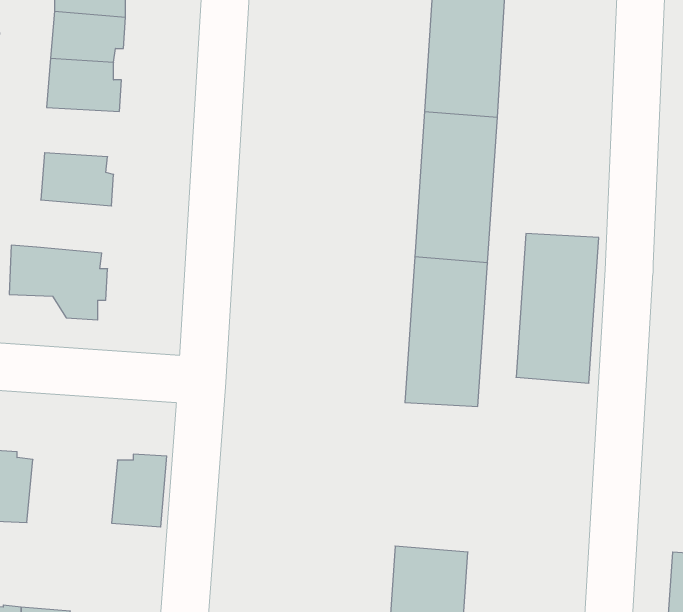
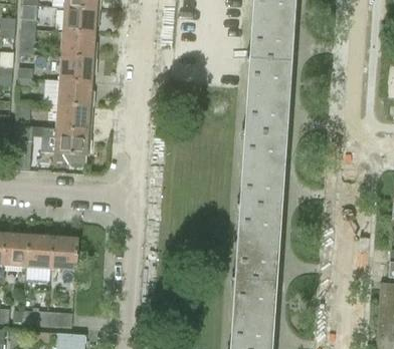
building: none -> [58,57,96,82]
building: none -> [54,104,92,131]
building: [516,234,599,383] -> [237,208,279,284]
building: [112,454,167,527] -> [49,234,77,271]

